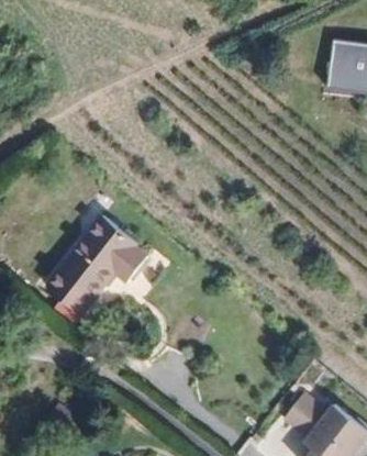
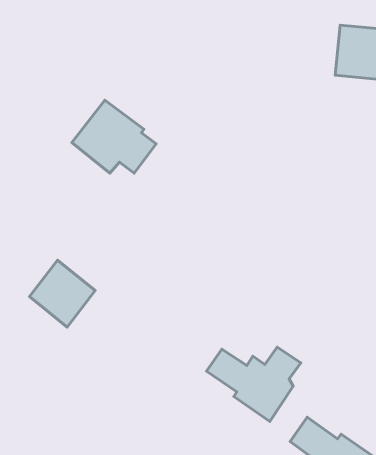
building: [79,219,155,285] -> [72,100,156,173]
building: none -> [206,347,301,422]

